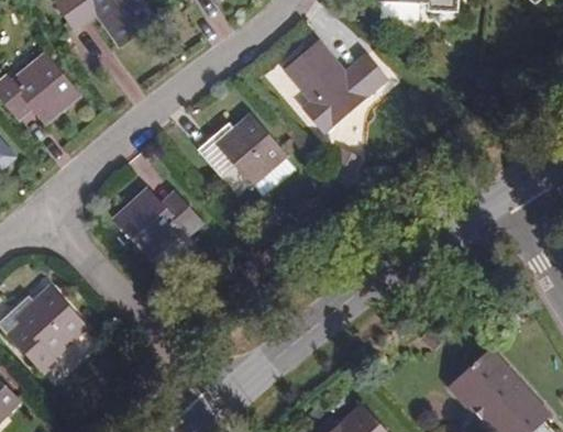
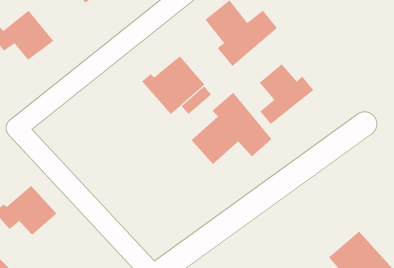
building: none -> [259,63,314,125]
building: none -> [191,92,272,165]
building: [110,188,197,257] -> none

